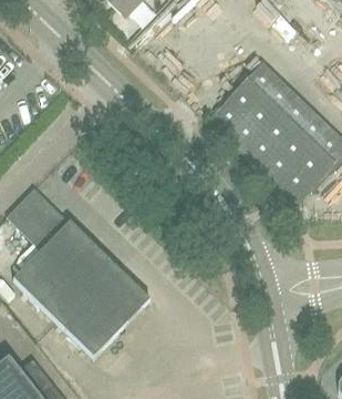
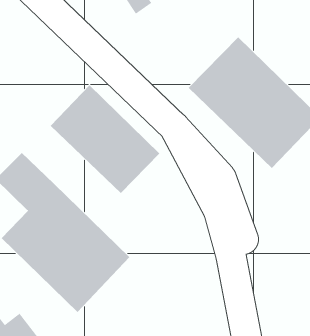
building: none -> [50,84,160,194]

